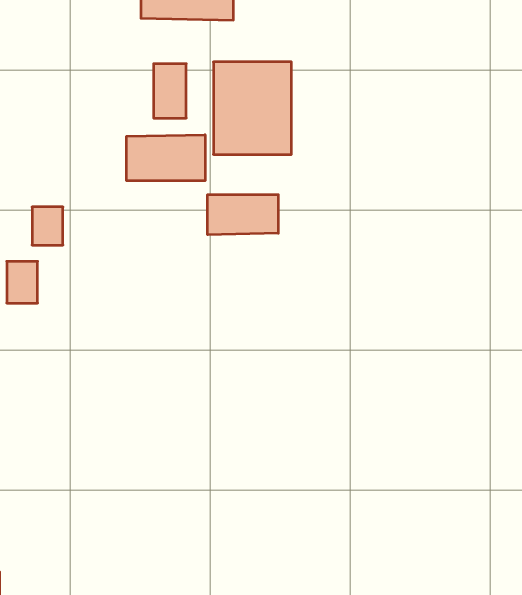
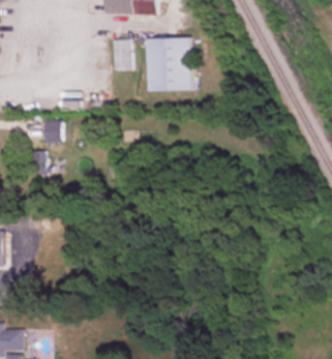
building: [127,135,205,181] -> none
building: [208,195,278,235] -> none

